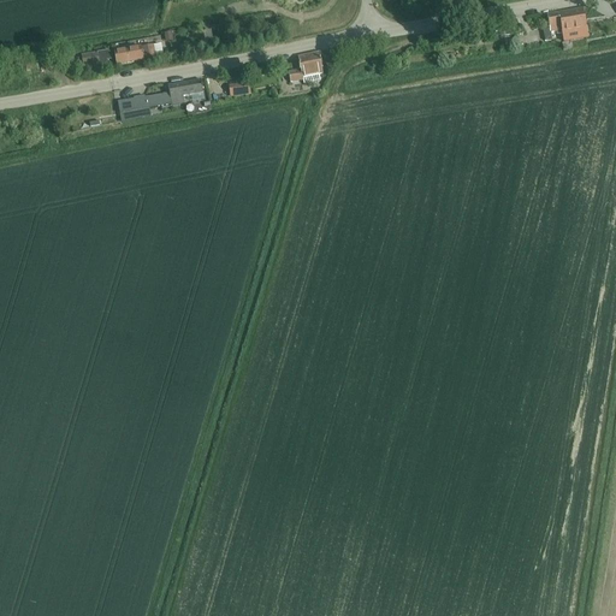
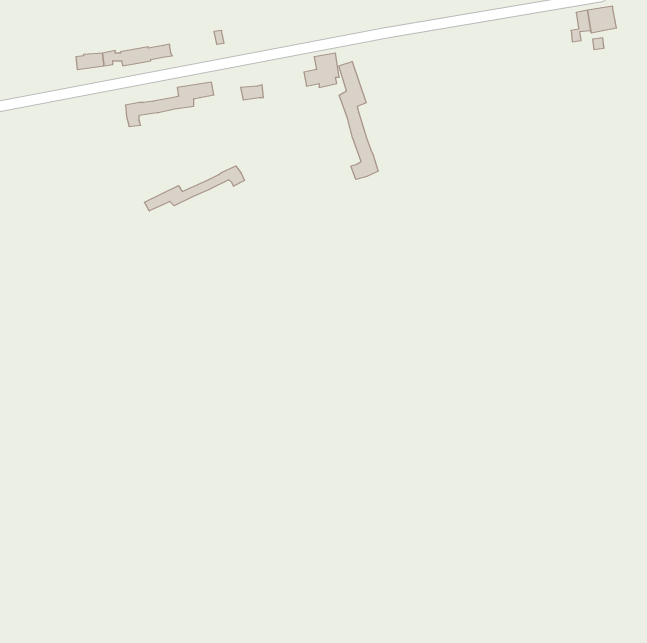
building: none -> [339,61,378,179]
building: none -> [144,166,245,211]

